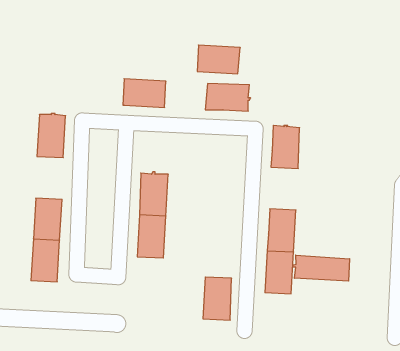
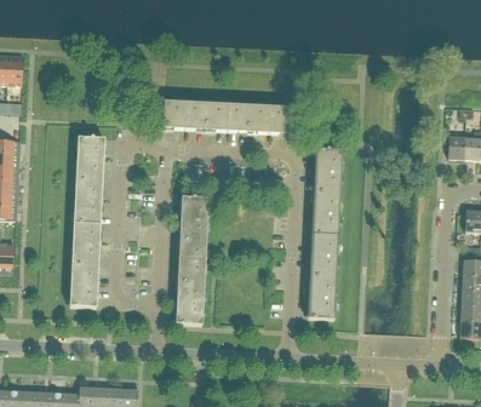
building: [197,45,240,74] -> [206,103,250,132]
building: none -> [75,179,103,223]
building: none -> [313,190,342,234]
building: [293,255,350,281] -> none
building: [203,277,232,320] -> [176,281,205,325]

